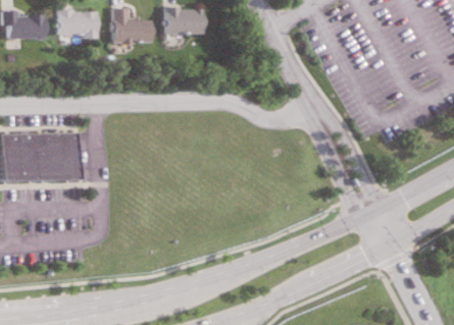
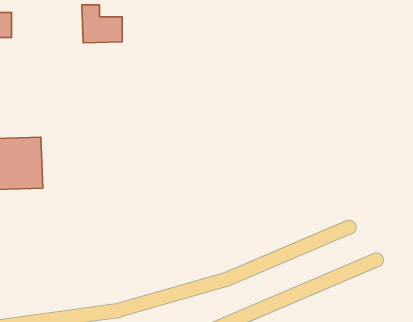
building: [163,8,201,35] -> none
building: [59,10,97,38] -> none

